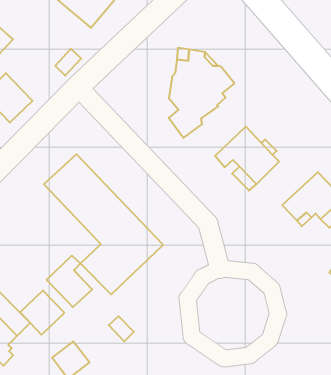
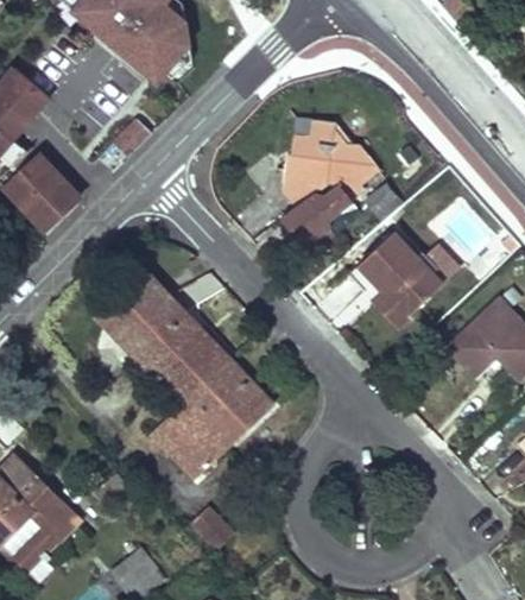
building: [47,256,92,307] -> none
building: [20,290,64,335] -> none

